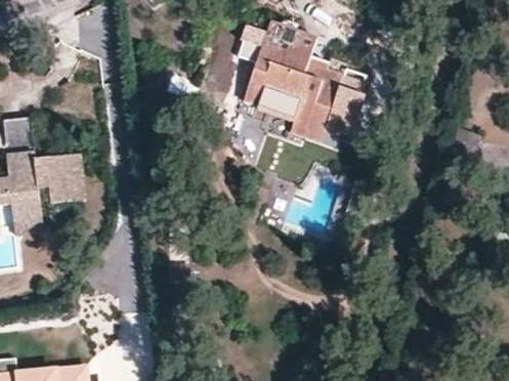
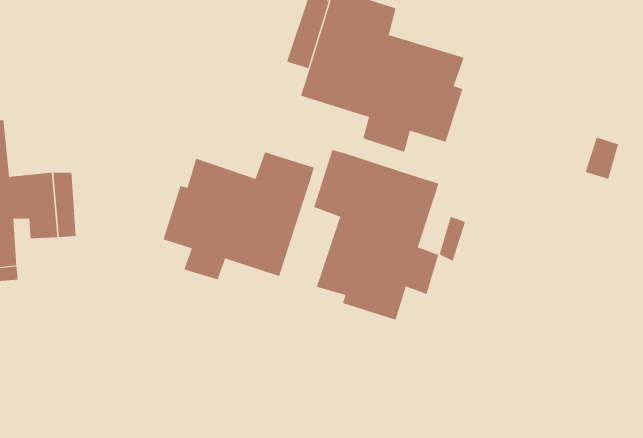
building: none -> [314,149,439,321]
building: none -> [163,151,315,280]

